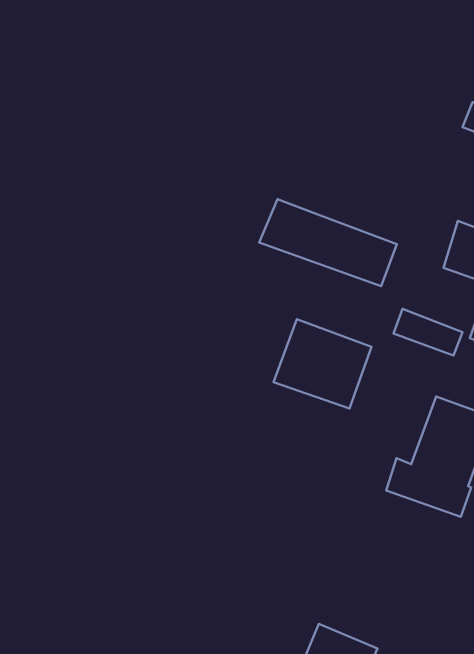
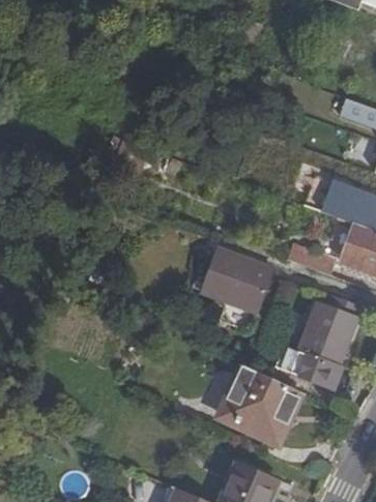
building: [259,199,397,286] -> none
building: none -> [219,366,298,443]

